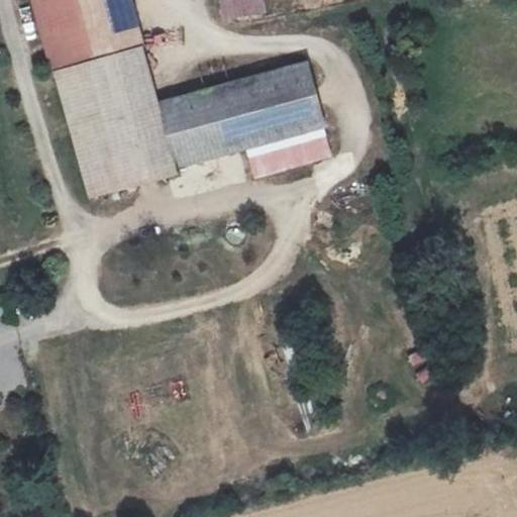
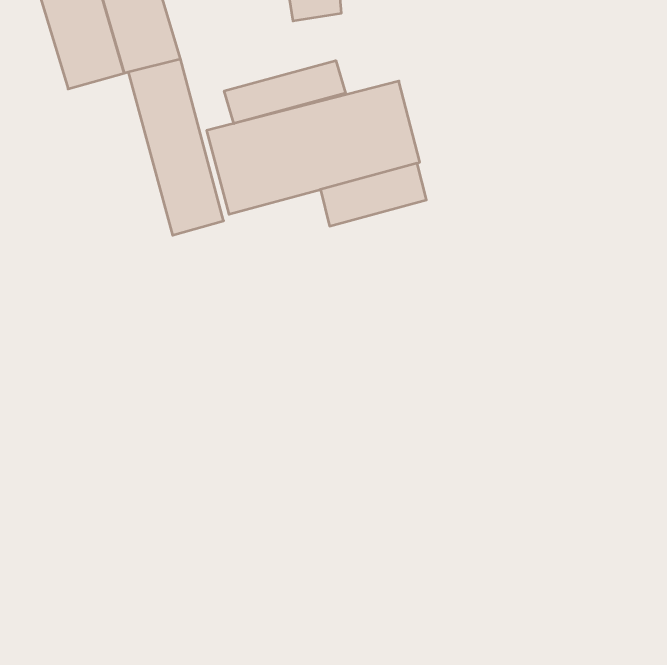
building: none -> [224,61,345,124]
building: [53,56,133,194] -> none

